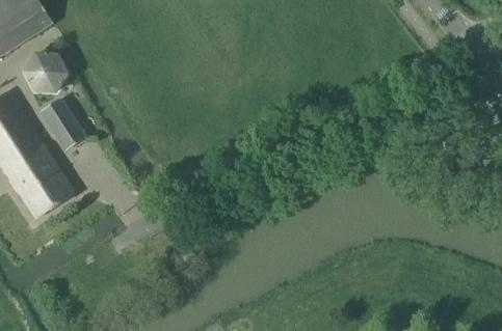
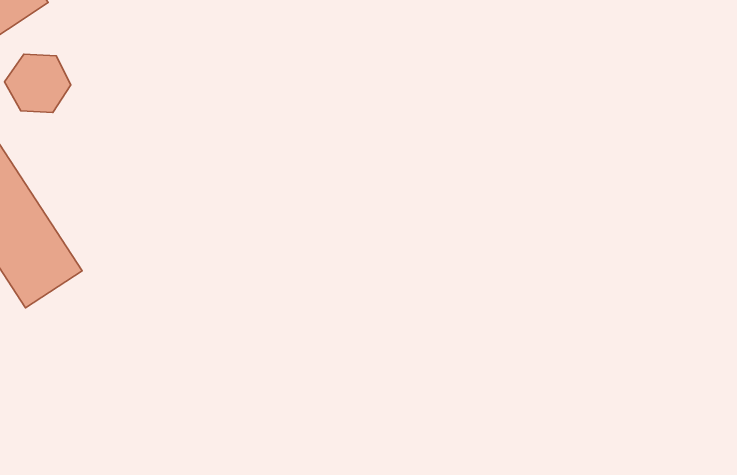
building: [39,99,86,151] -> none

